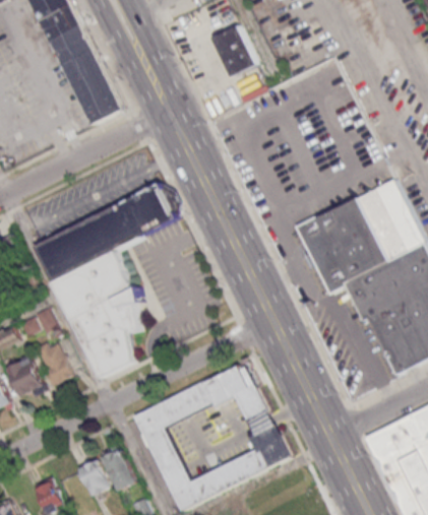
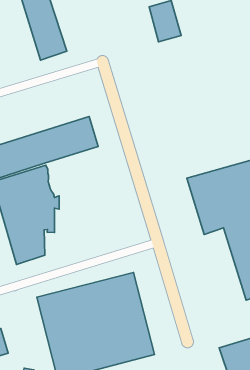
building: [101,449,135,491] -> none

